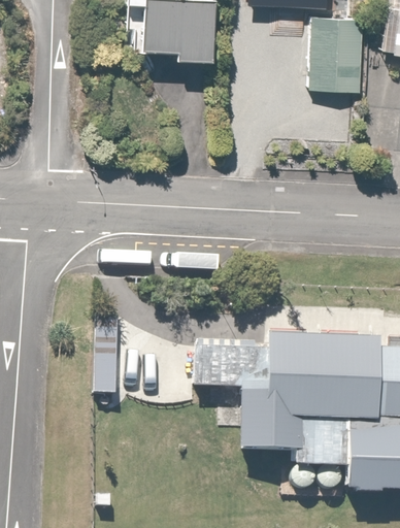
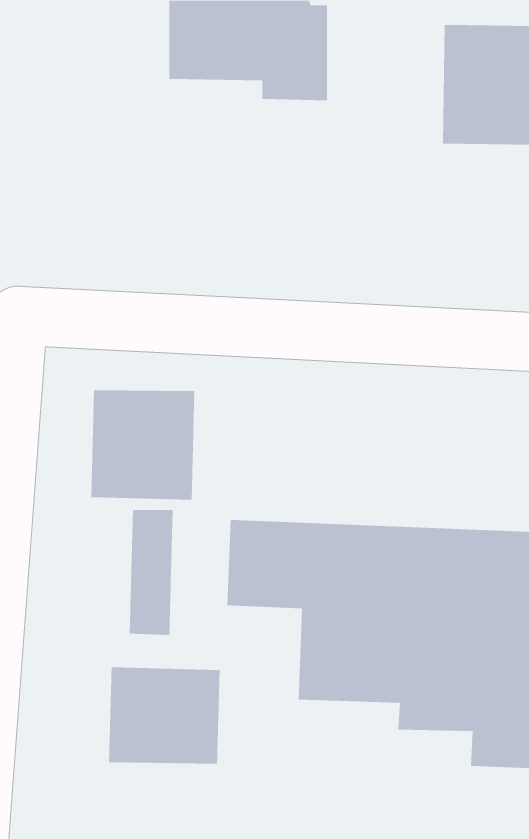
building: none -> [91,390,195,501]
building: none -> [109,667,220,764]

